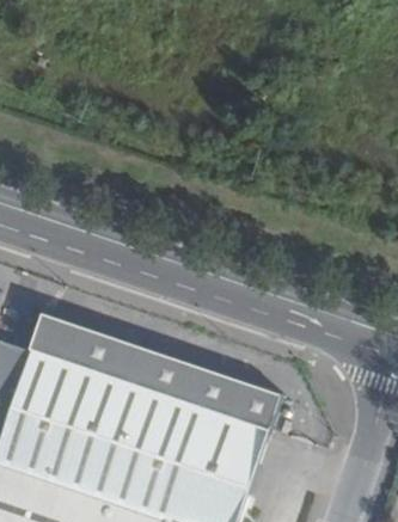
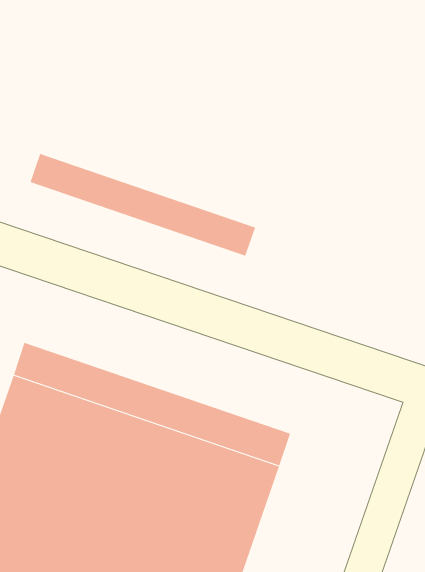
building: none -> [30,153,256,256]

